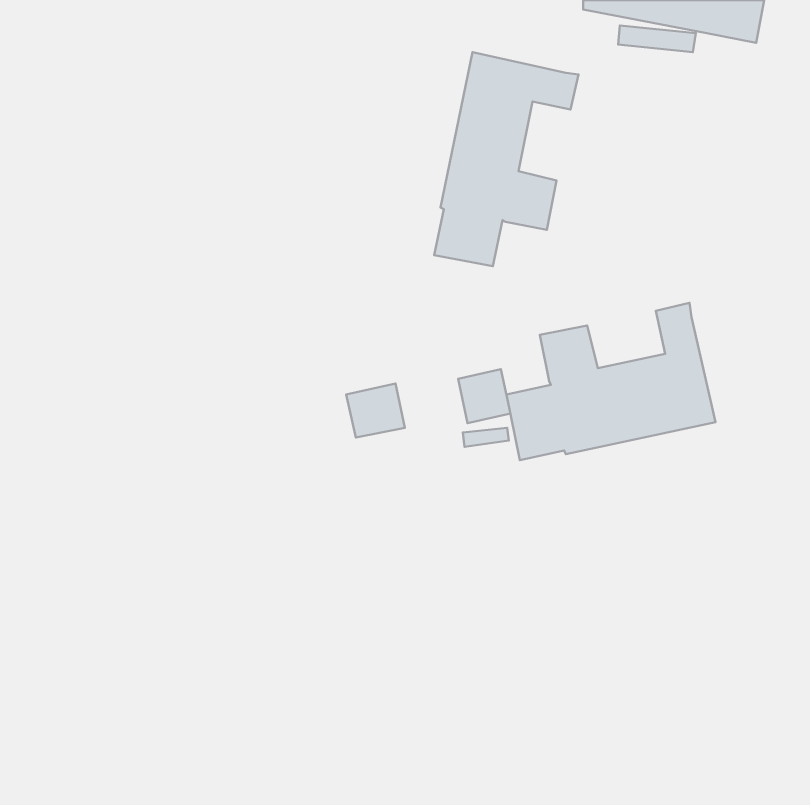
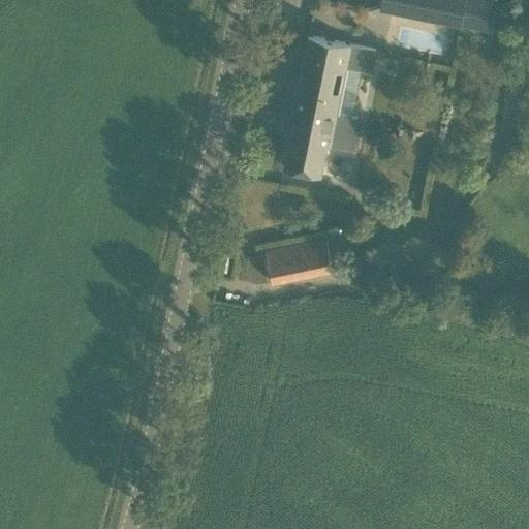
building: [507,303,716,460] -> none
building: [346,384,405,437] -> [267,250,305,285]

